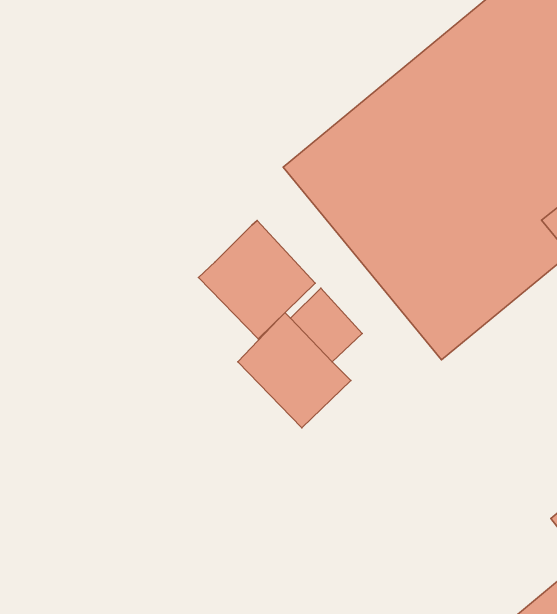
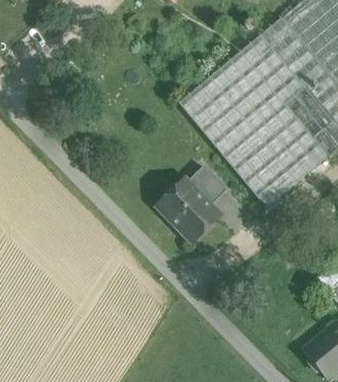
building: [198,221,315,339] -> none

